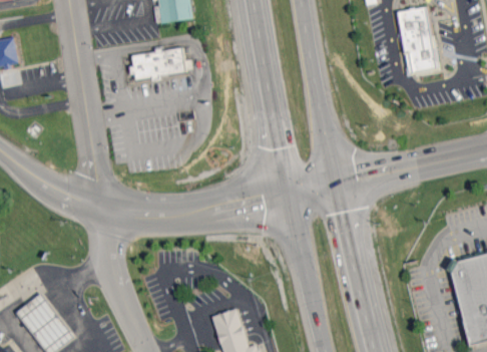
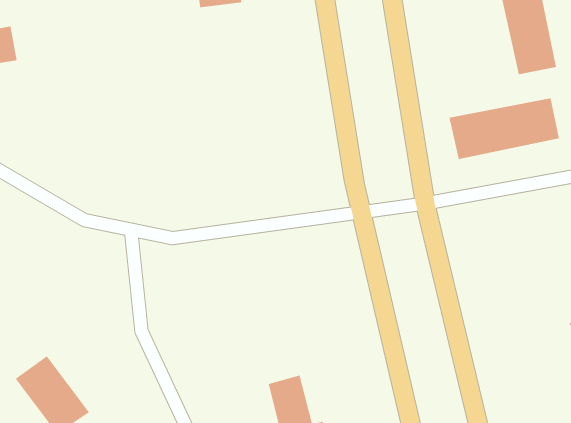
building: [131,47,186,81] -> none
building: none -> [449,98,560,160]

